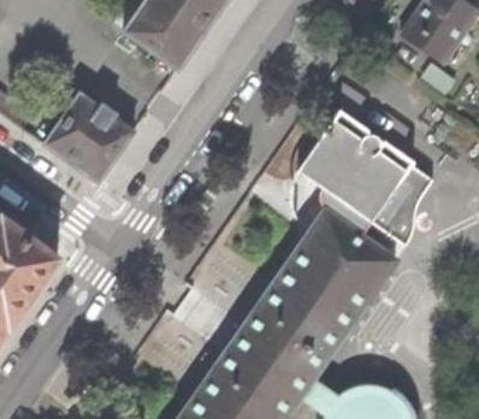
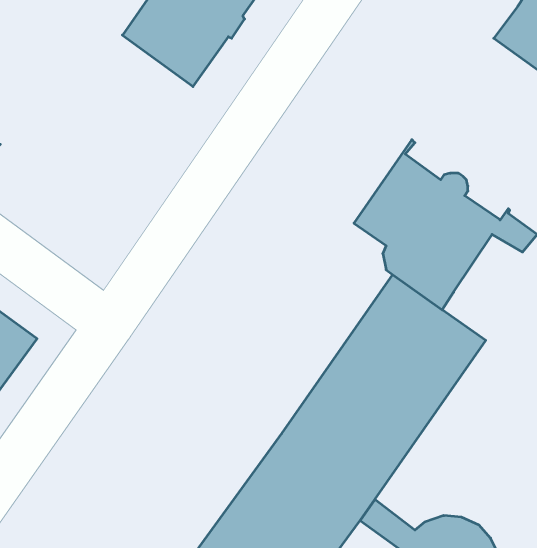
building: [43,92,135,179] -> none
building: [371,179,422,246] -> none

